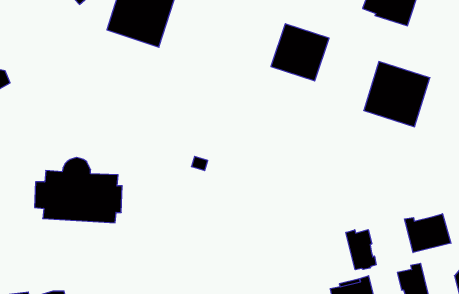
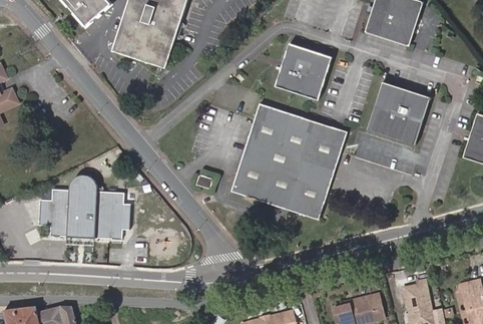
building: none -> [230,102,347,218]
building: [405,214,451,253] -> none
building: [346,230,376,270] -> none

